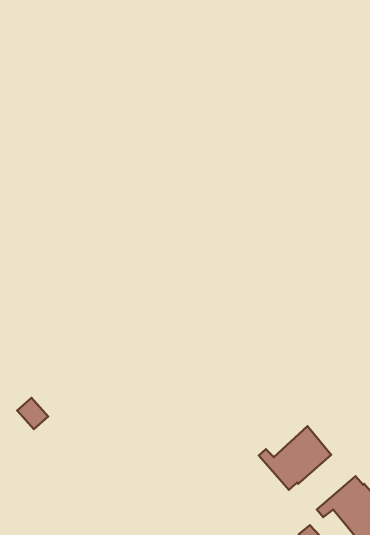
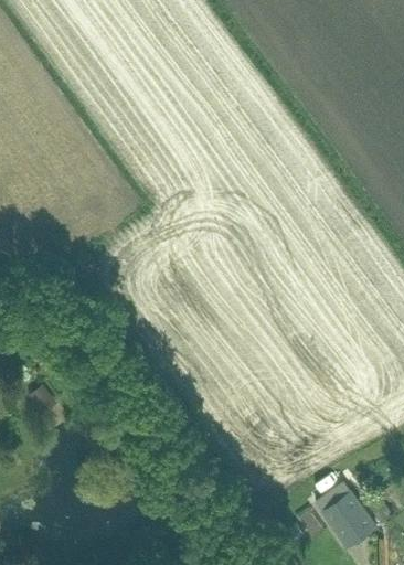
building: [259,426,331,490] -> none

